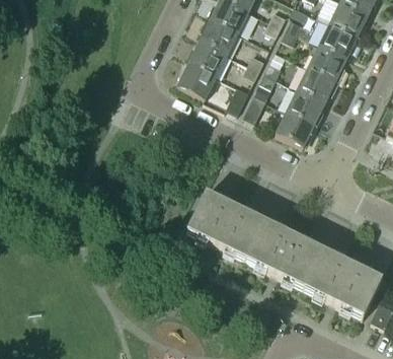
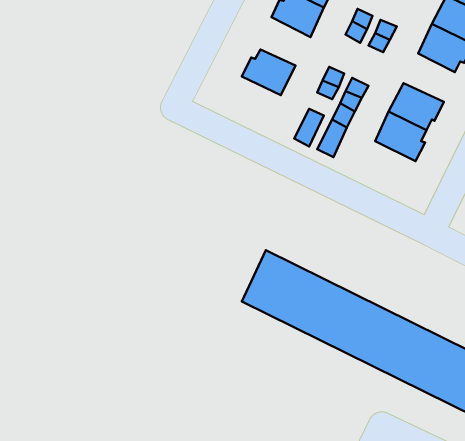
building: [202,16,239,53] -> none
building: [309,44,347,80] -> none
building: [179,61,217,97] -> none
building: [277,110,318,146] -> none

